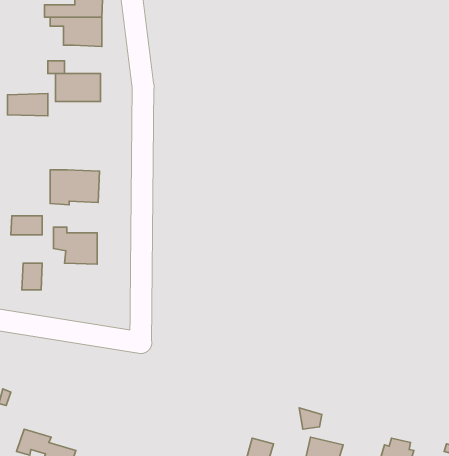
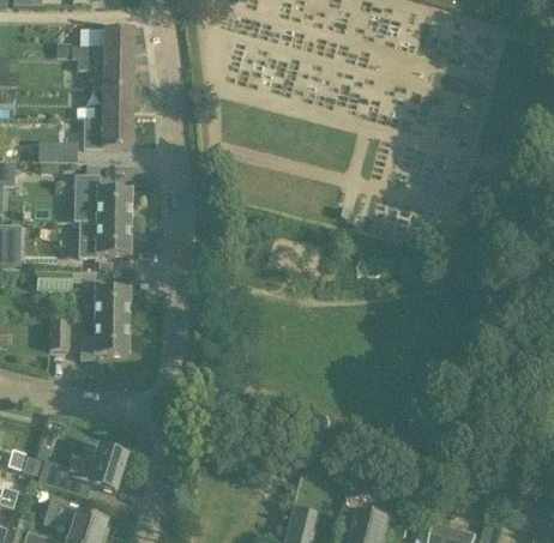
building: none -> [103,86,133,116]
building: none -> [73,173,131,221]
building: none -> [80,319,128,356]
building: none -> [38,441,126,496]

